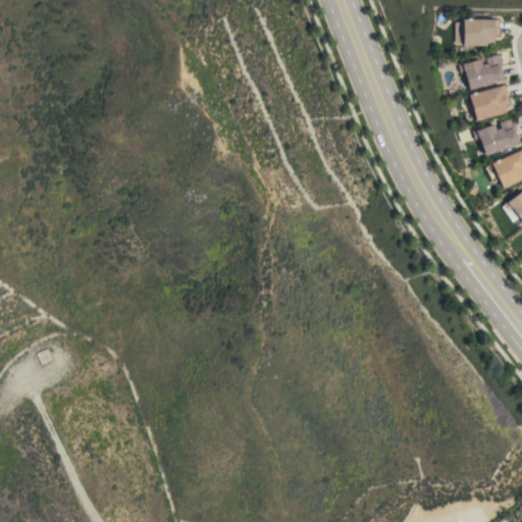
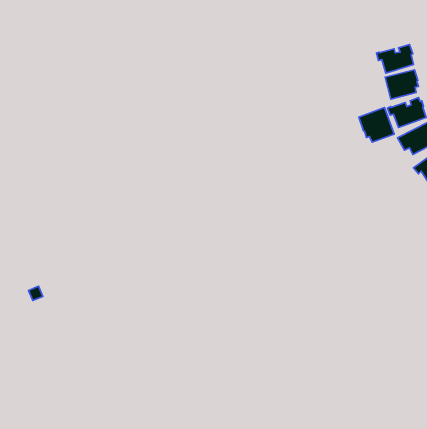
building: [456,18,501,46] -> none
building: none -> [359,107,394,142]

